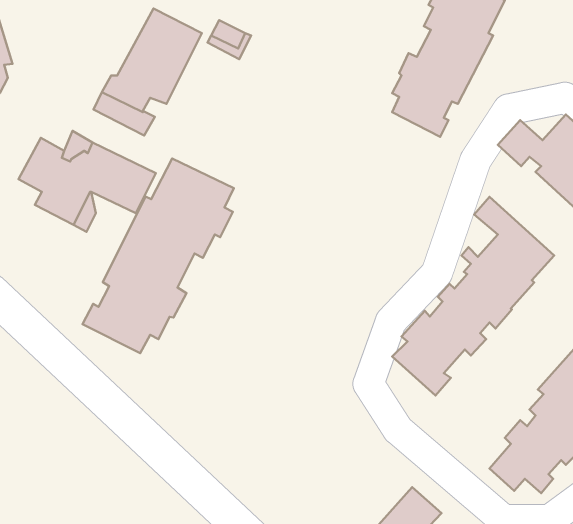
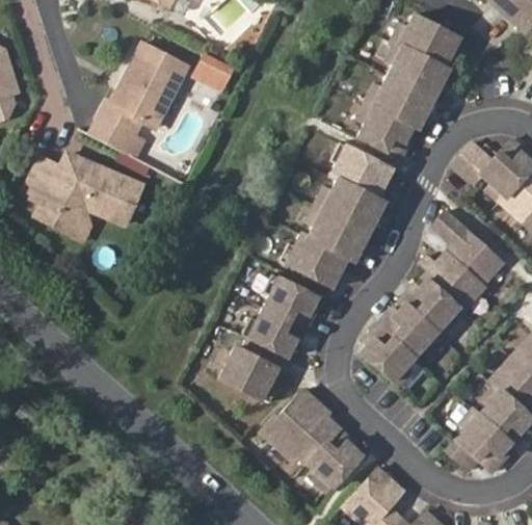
building: none -> [281,141,394,288]
building: [83,158,234,353] -> none
building: none -> [221,273,318,402]
building: none -> [261,389,362,492]

